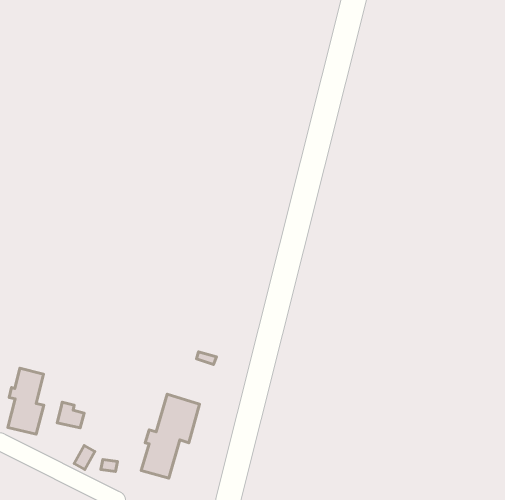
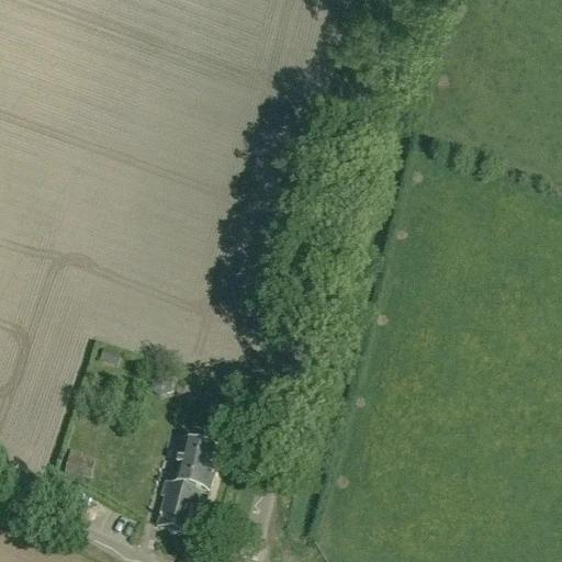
building: [8,368,44,434] -> none

